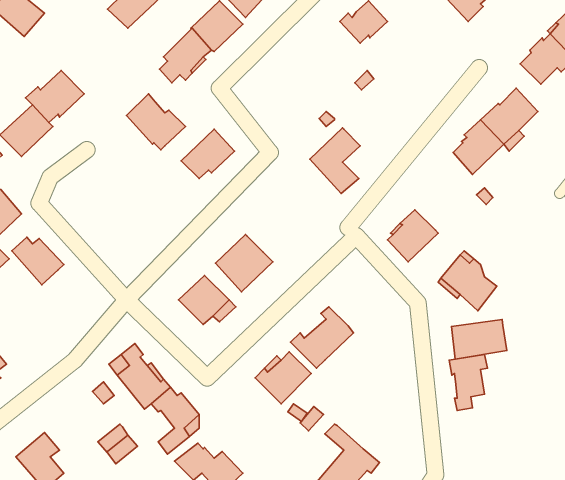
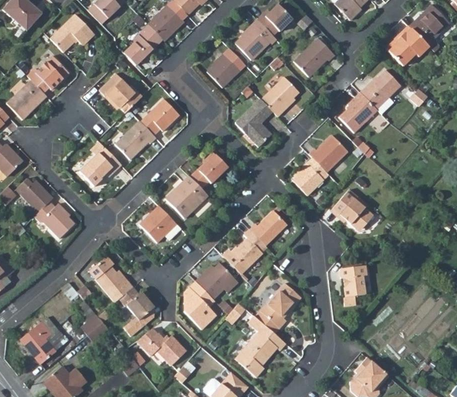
building: none -> [51,14,95,53]
building: none -> [236,20,274,60]
building: none -> [294,38,335,77]
building: none -> [208,53,241,87]
building: none -> [260,76,298,116]
building: none -> [116,121,156,159]
building: none -> [308,134,348,173]
building: none -> [80,145,122,186]
building: none -> [189,152,227,189]
building: none -> [35,202,75,238]
building: none -> [249,208,284,243]
building: [451,319,507,359] -> none
building: none -> [183,281,218,329]
building: none -> [255,283,299,333]

